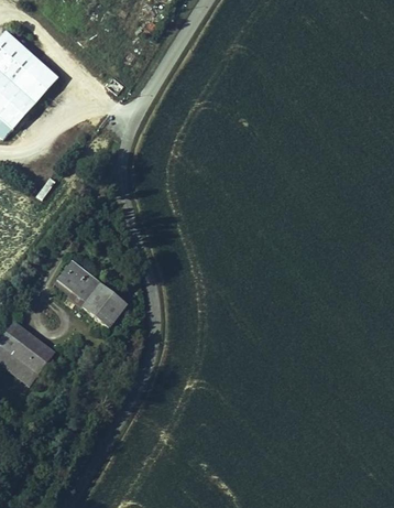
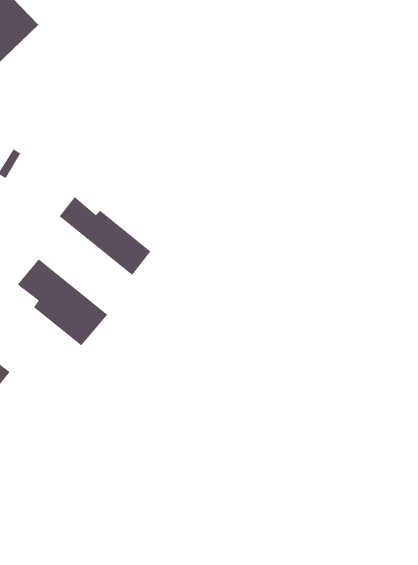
building: none -> [59,196,151,276]

